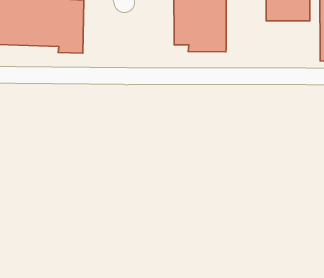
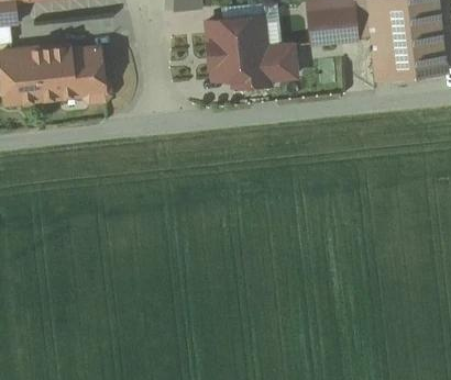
building: none -> [266,40,299,81]

